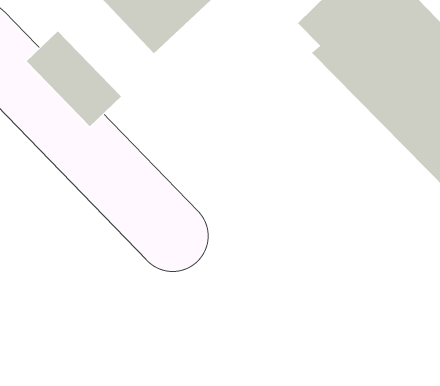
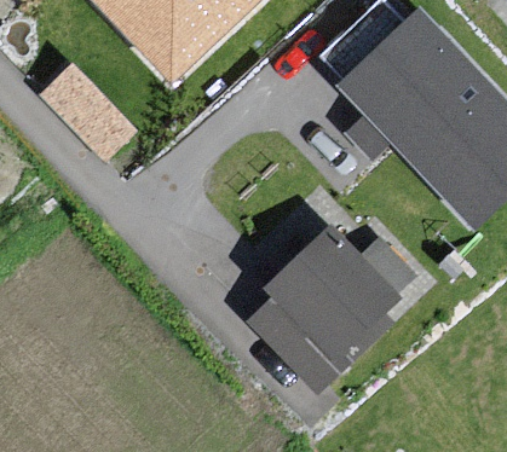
building: none -> [241,225,390,381]

